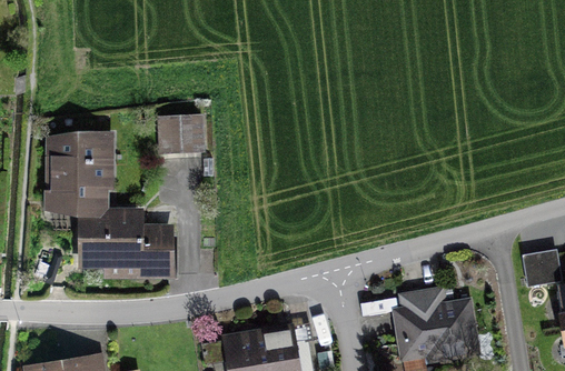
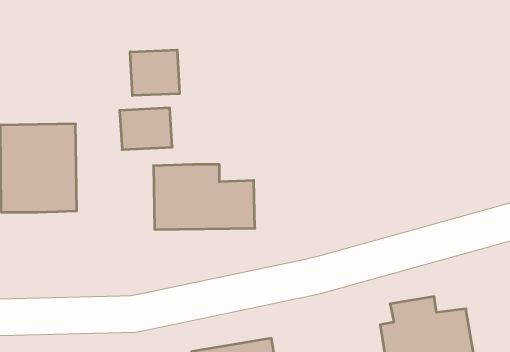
building: none -> [130,50,179,96]
building: [80,210,172,269] -> [153,165,255,229]

